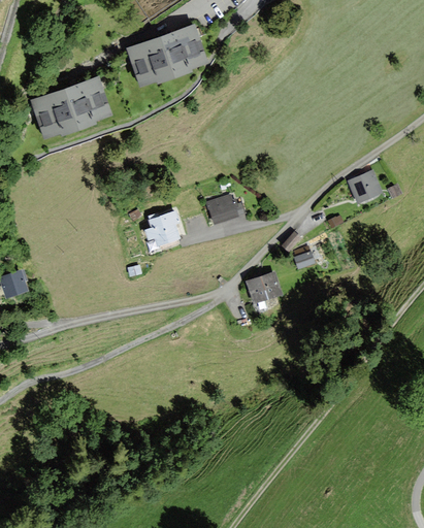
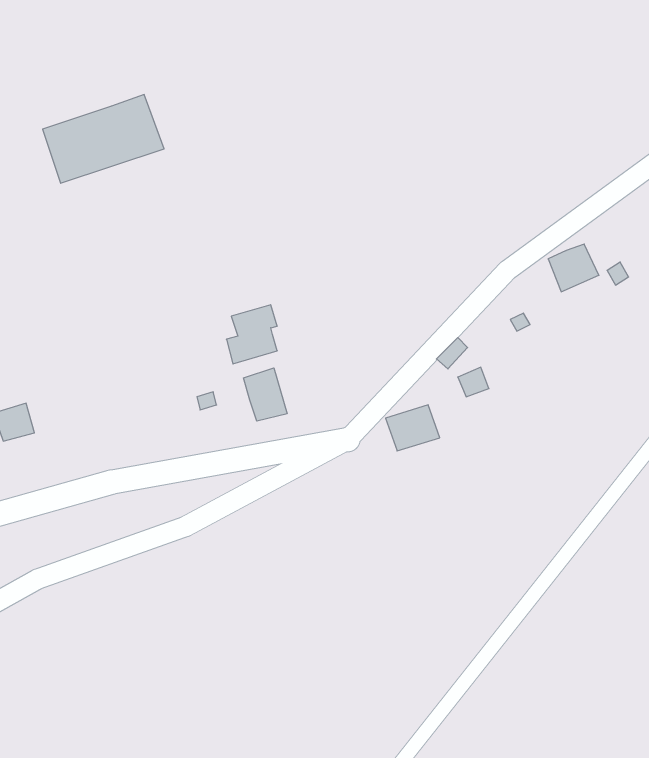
building: [128,26,206,84] -> none
building: [207,195,237,223] -> none
building: none -> [244,368,287,421]

